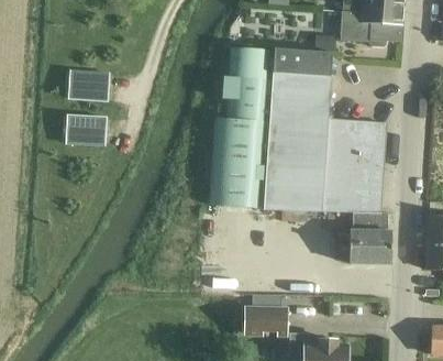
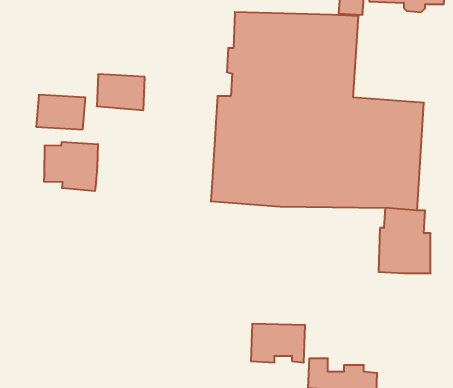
building: [69,70,109,100] -> [97,74,145,110]
building: none -> [44,142,98,191]

